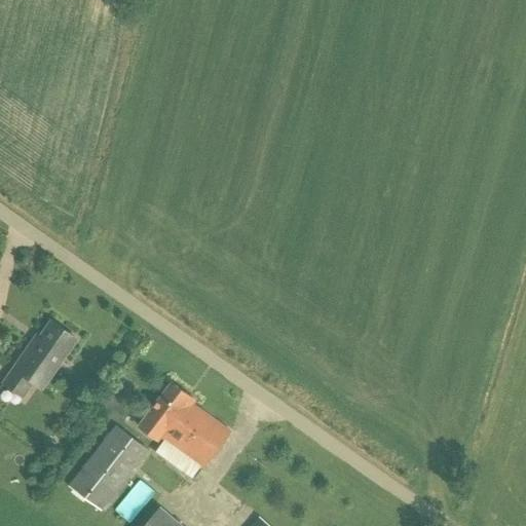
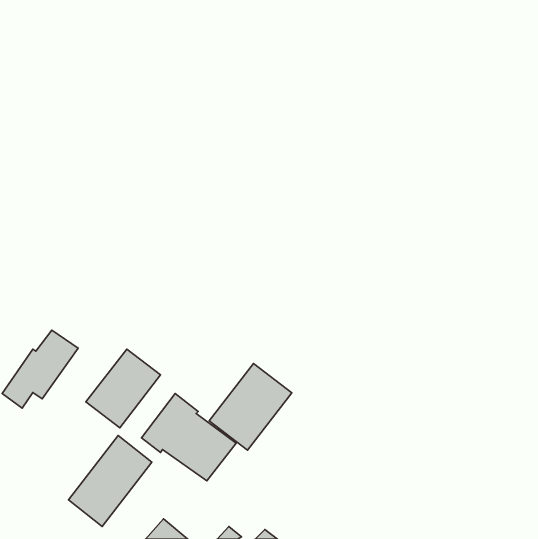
building: none -> [86,349,161,428]
building: none -> [209,364,292,450]

